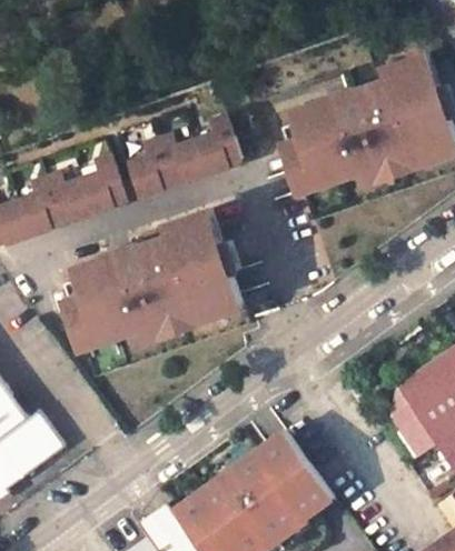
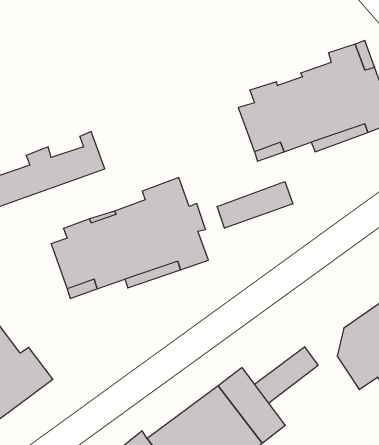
building: [129,117,240,196] -> none
building: none -> [217,182,293,228]
building: none -> [255,347,318,403]

